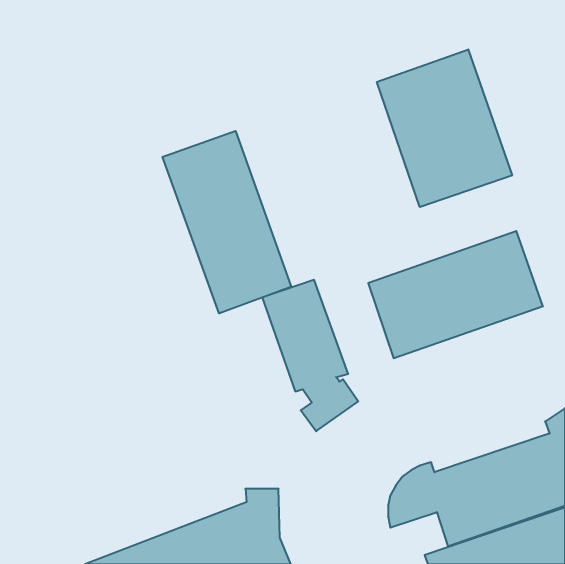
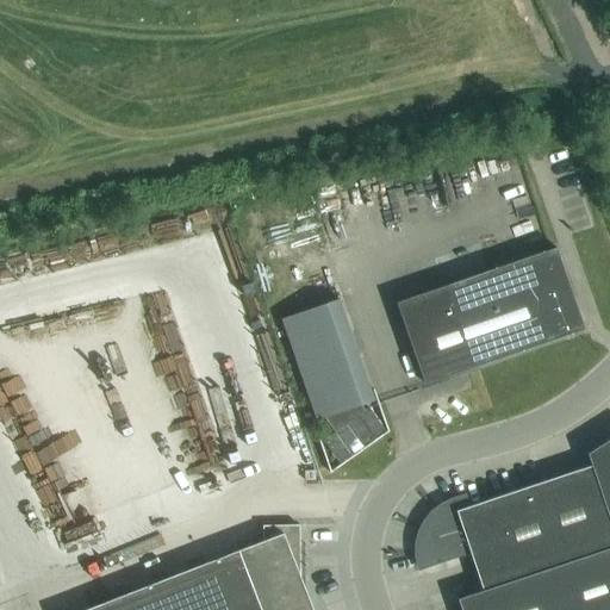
building: [377,49,512,207] -> none
building: [163,131,291,313] -> none

